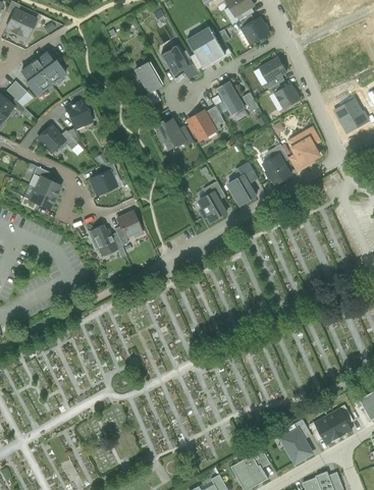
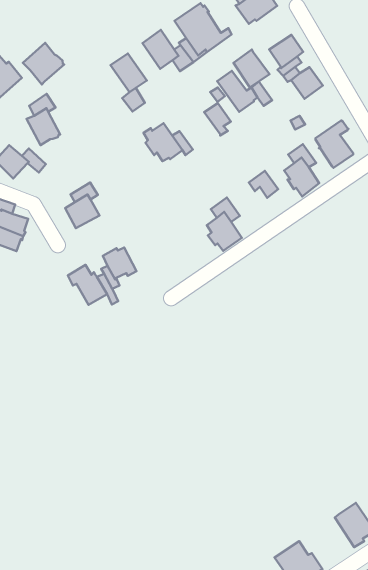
building: none -> [23,43,64,84]
building: [189,111,216,141] -> [233,50,269,88]
building: [228,175,256,206] -> none

